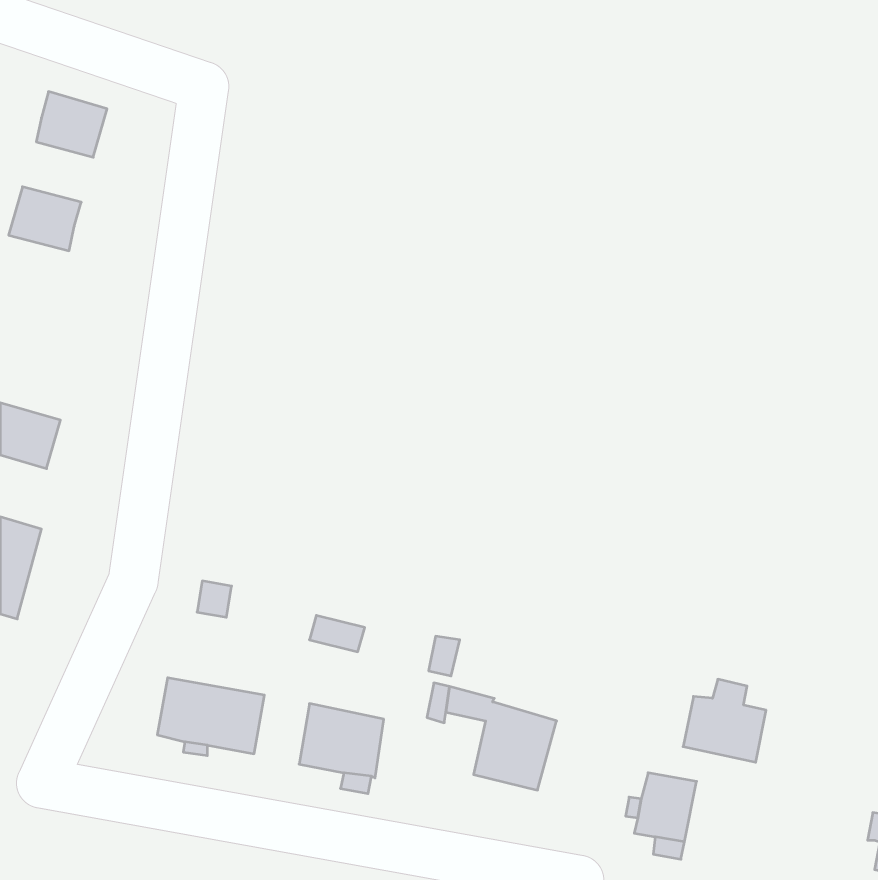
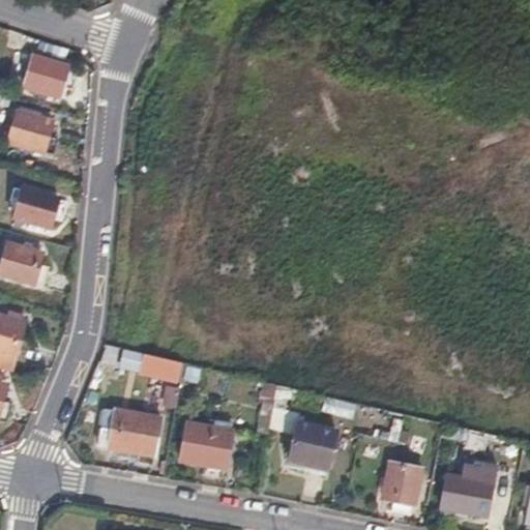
building: none -> [10,187,55,231]
building: none -> [140,352,185,383]
building: [683,679,766,762] -> [442,466,492,516]

